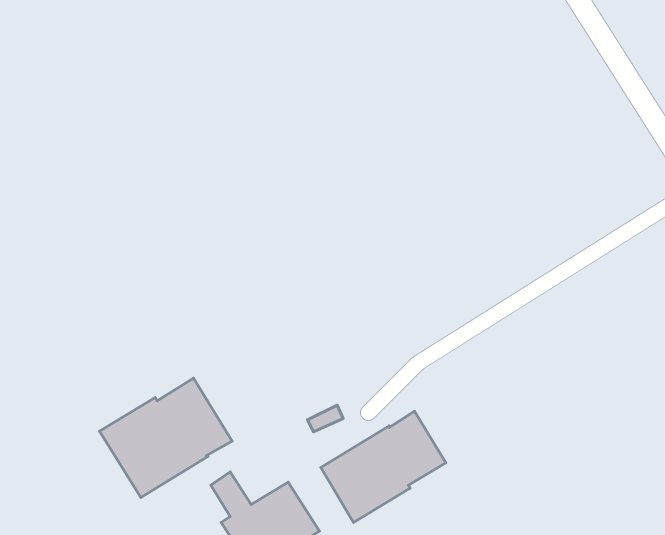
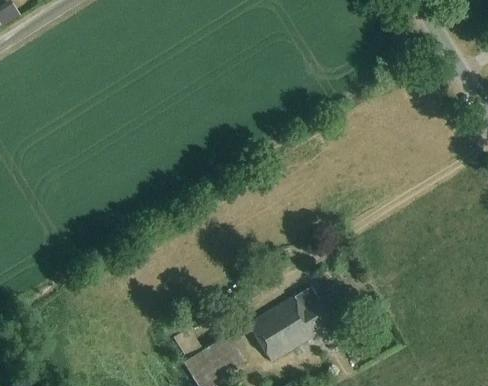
building: [100,378,232,497] -> none

